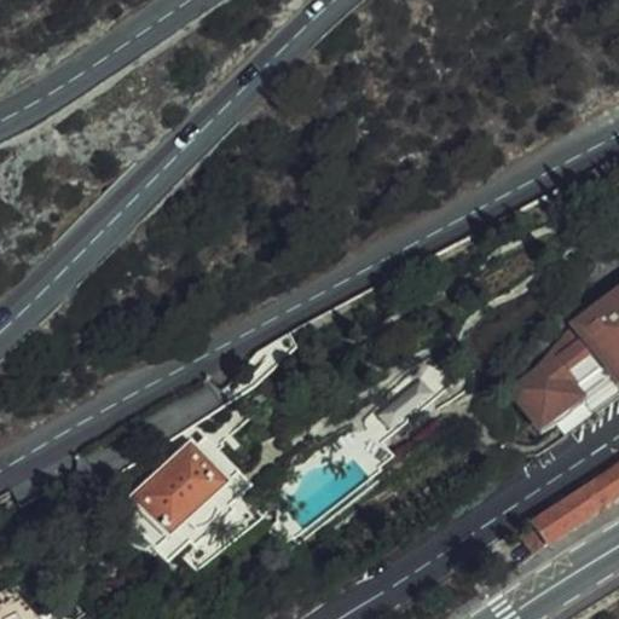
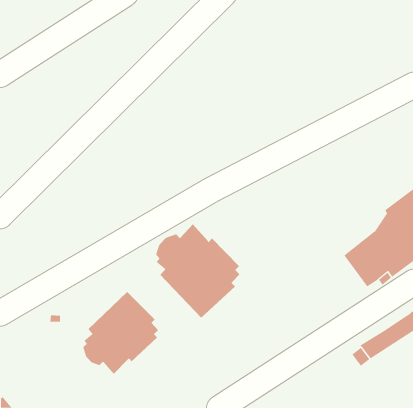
building: none -> [155,224,240,318]

